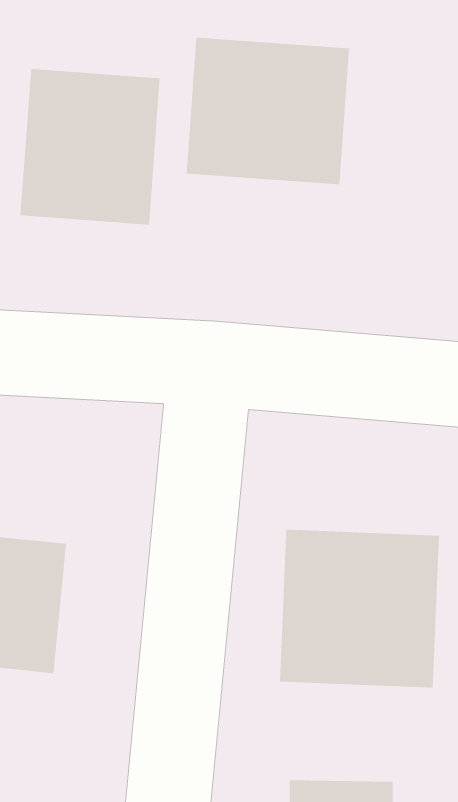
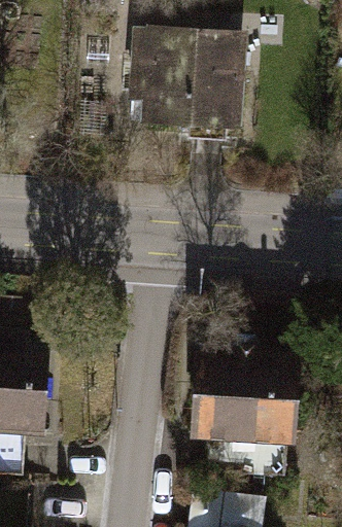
building: [20,68,160,225] -> none

